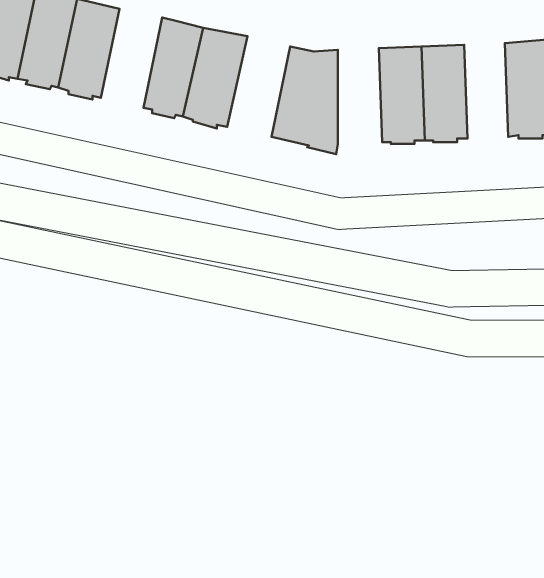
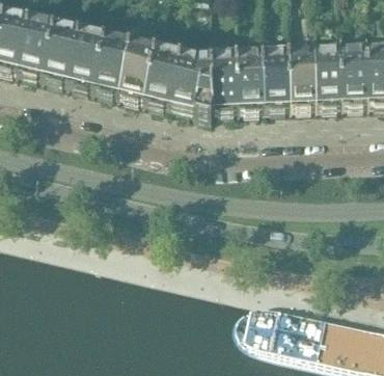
building: none -> [75,27,112,87]
building: none -> [152,44,190,105]
building: none -> [296,48,323,107]
building: none -> [219,51,246,111]

